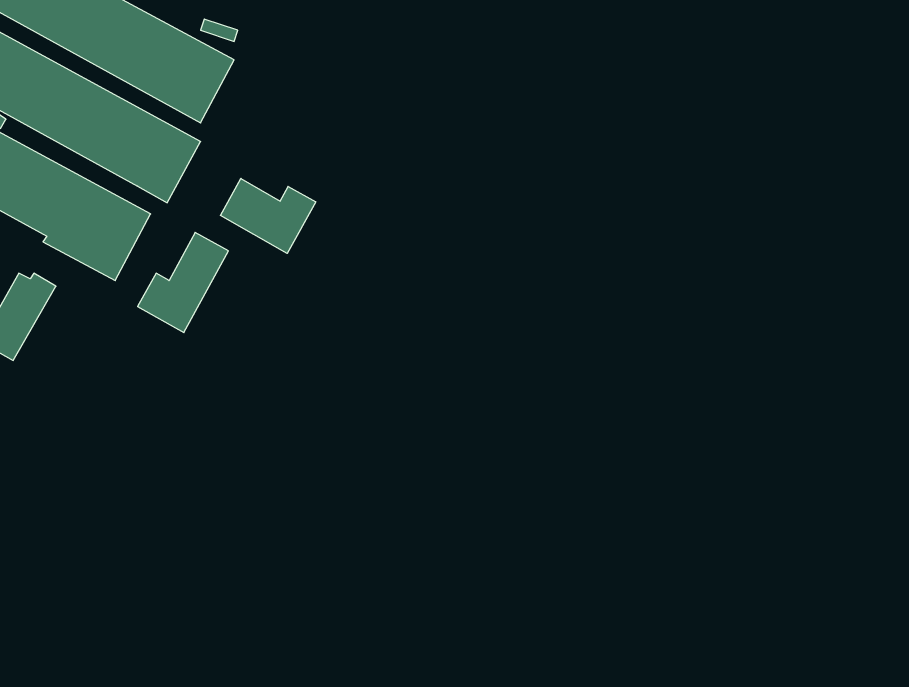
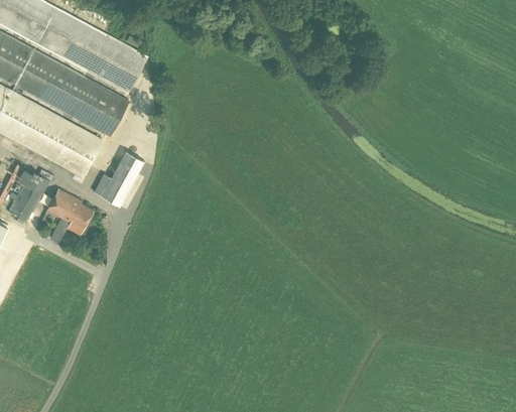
building: [220,178,316,253] -> none
building: none -> [45,188,92,232]

